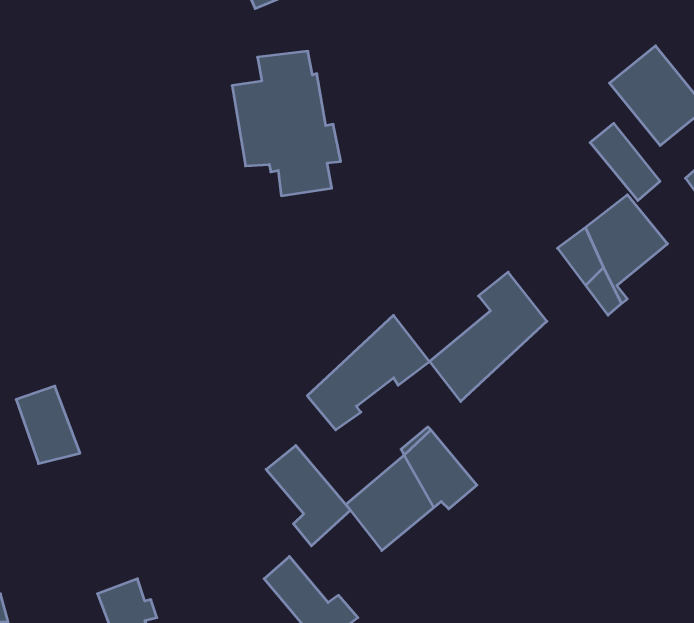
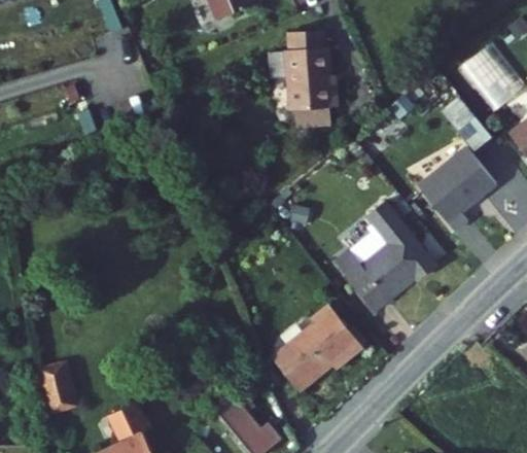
building: [232,51,341,196] -> [266,26,341,126]
building: [307,315,429,430] -> [353,234,437,313]
building: [16,386,80,464] -> [42,358,86,412]
building: [266,445,350,546] -> none

